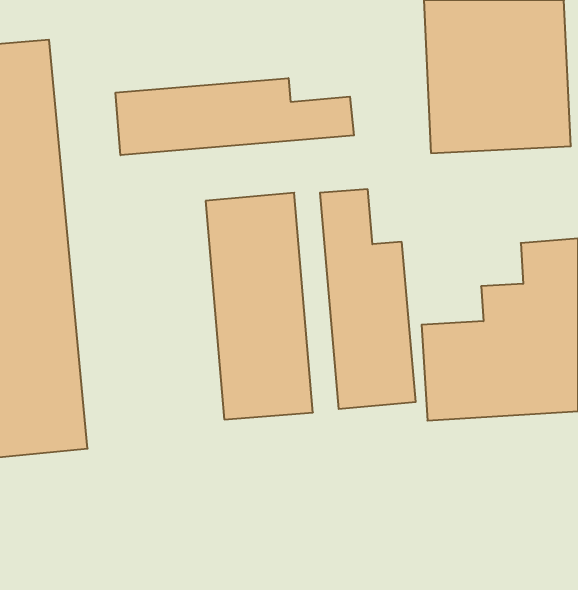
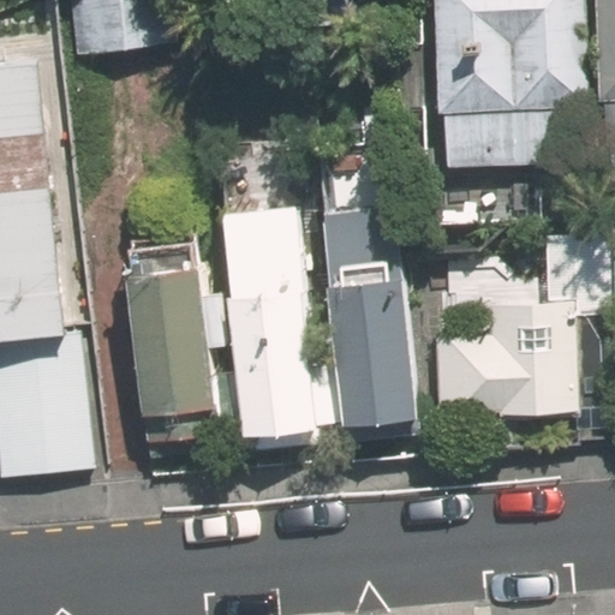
building: [116,78,354,155] -> none
building: none -> [124,232,226,450]

